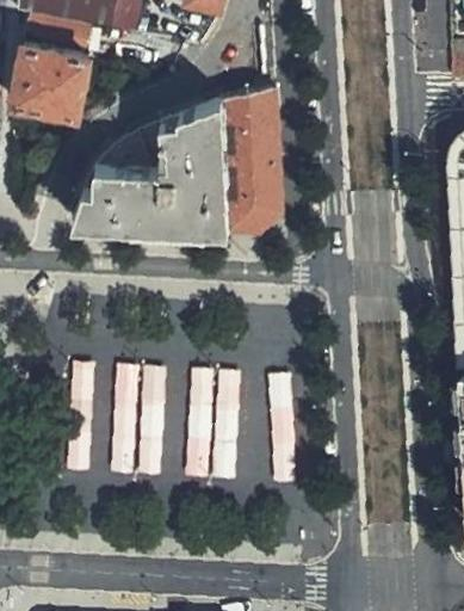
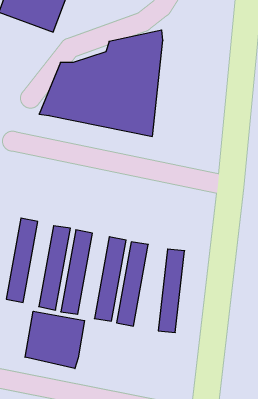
building: [222,87,280,233] -> none
building: none -> [25,311,85,369]

